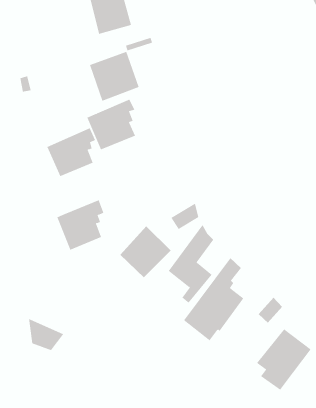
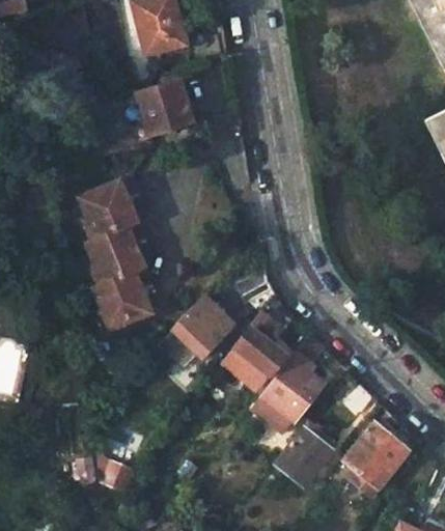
building: [86,99,136,150] -> [84,216,145,279]
building: [28,318,64,351] -> [93,453,138,494]
building: none -> [273,421,334,486]

